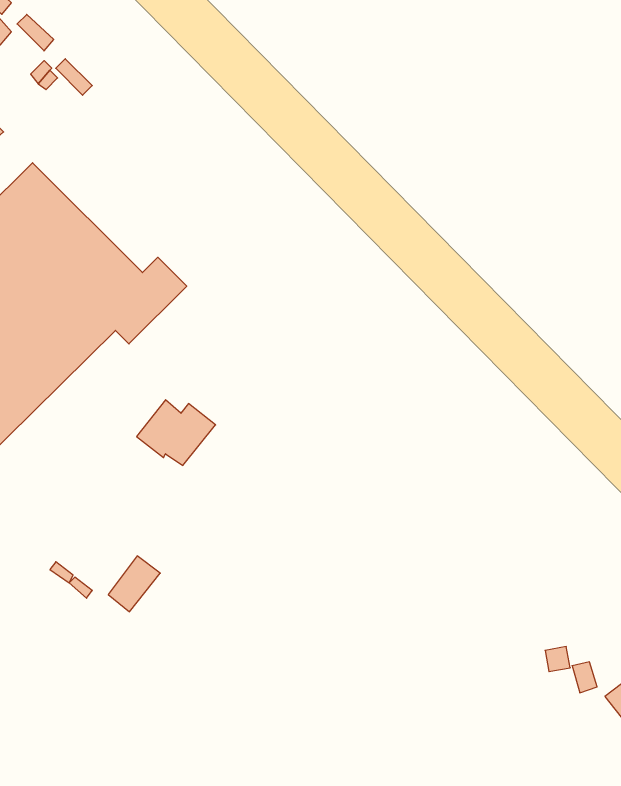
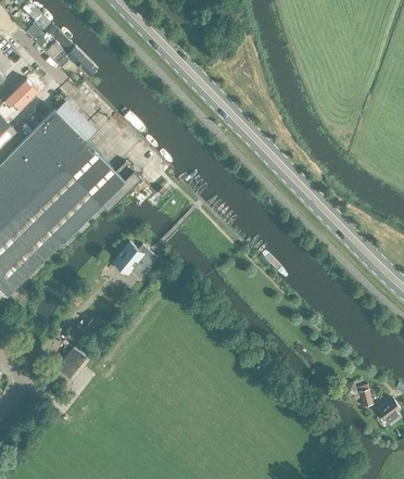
building: [108,556,160,612] -> [55,350,85,381]

